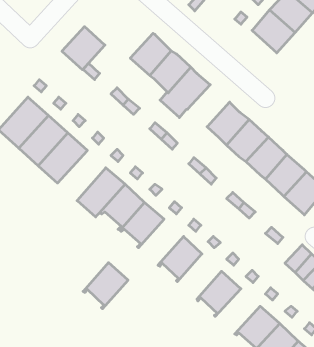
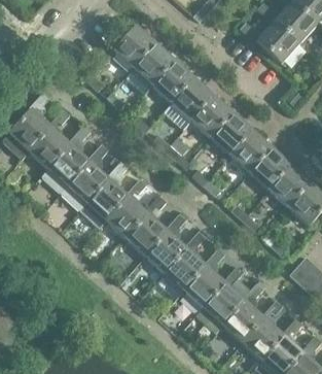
building: [62,27,105,70] -> [114,25,157,68]
building: none -> [192,95,235,137]
building: none -> [62,161,110,211]
building: none -> [182,265,226,310]
building: [83,263,128,309] -> [143,230,188,276]
building: none -> [220,300,265,345]

